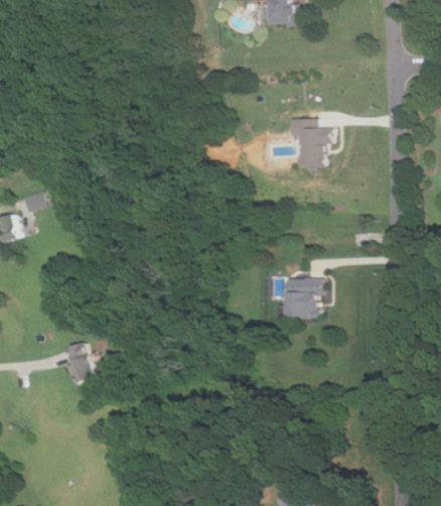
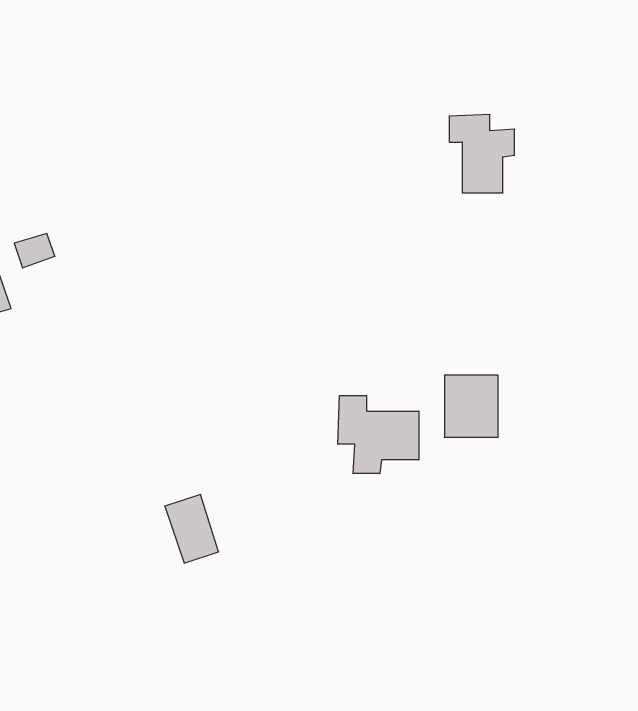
building: none -> [338,396,419,474]
building: [64,342,98,384] -> [165,495,219,563]

